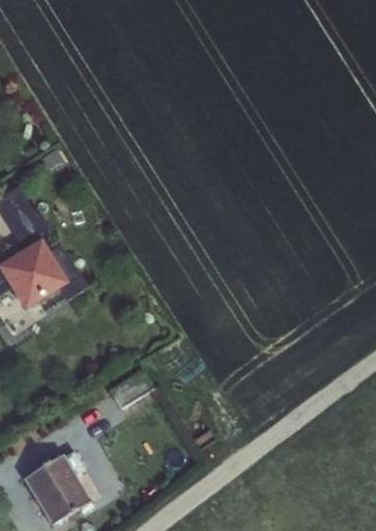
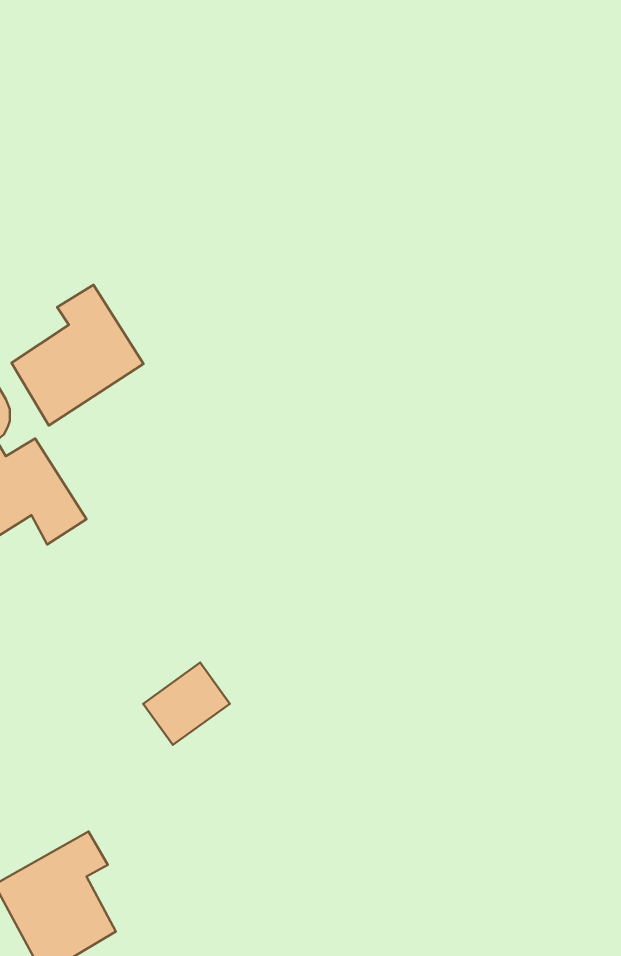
building: none -> [11,285,144,426]

